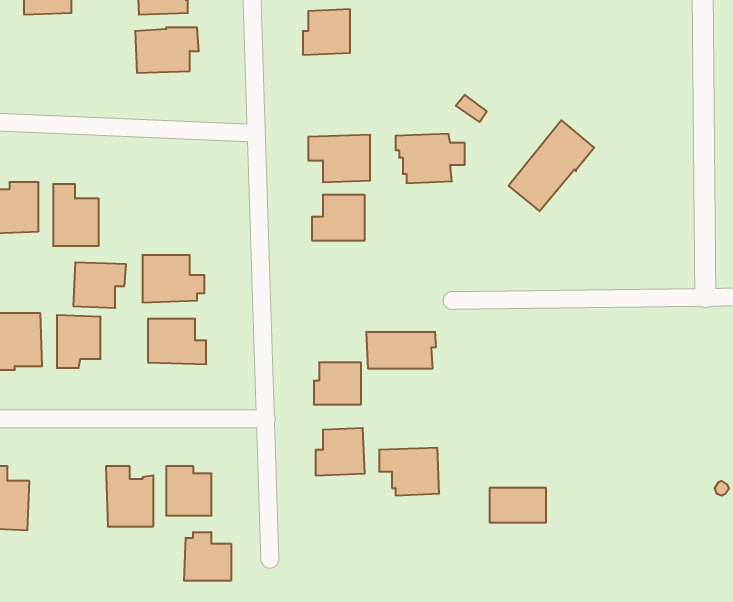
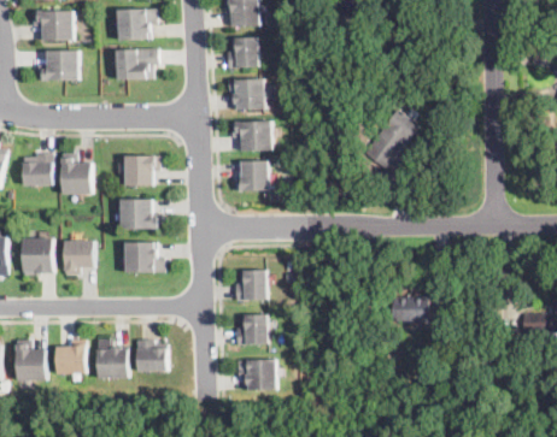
building: none -> [39,52,78,79]
building: [396,134,465,183] -> [228,78,274,111]
building: [73,262,126,308] -> [124,155,159,185]
building: [366,332,436,369] -> none
building: [379,448,439,495] -> [236,359,276,390]
building: none -> [55,339,87,376]
building: [490,488,546,523] -> [391,299,428,321]
building: [184,532,231,581] -> none

